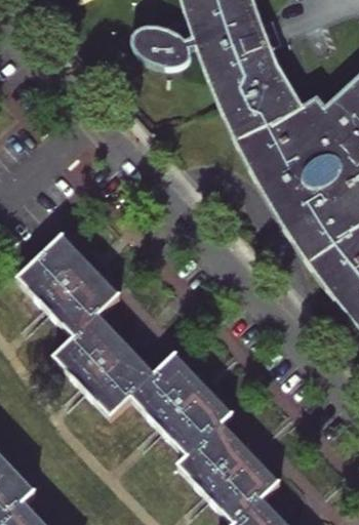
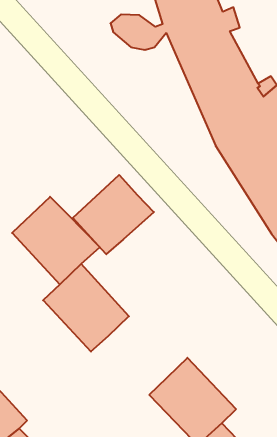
building: none -> [73,175,154,254]
building: [129,352,231,454] -> none

